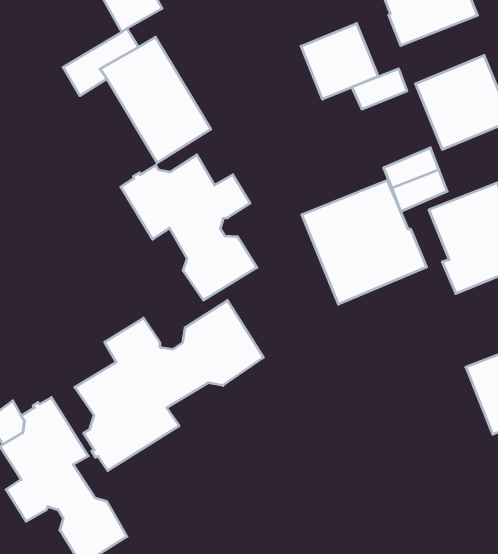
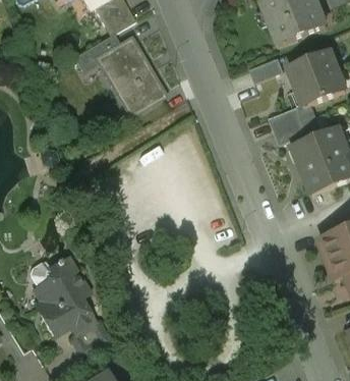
building: [301,23,378,99] -> none
building: [121,155,257,300] -> none
building: [302,180,427,304] -> none
building: [75,300,263,471] -> none

